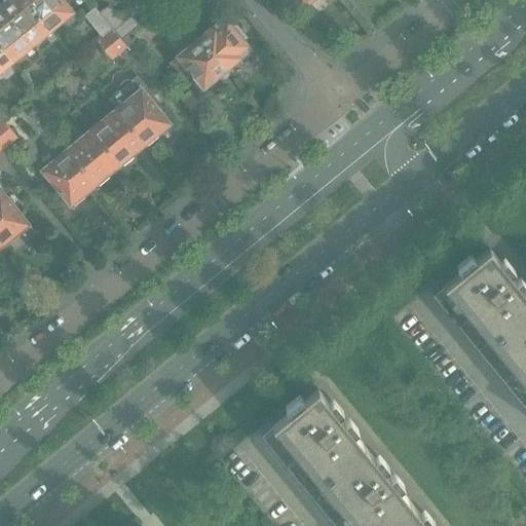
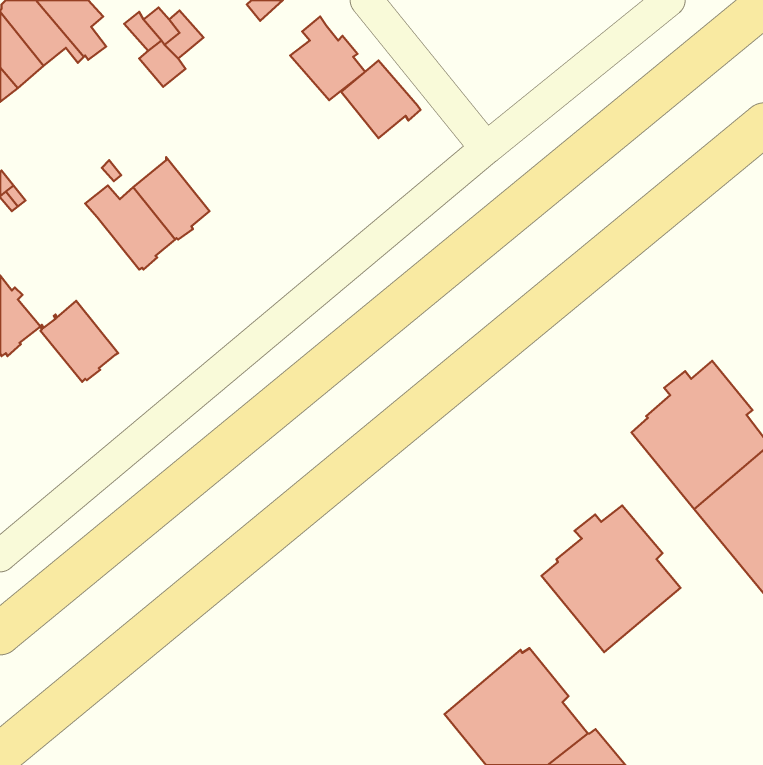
building: [175,38,229,91] -> [341,60,420,138]
building: [109,76,171,145] -> none
building: [43,149,97,204] -> [40,301,118,382]
building: [263,389,359,490] -> [541,505,681,652]

